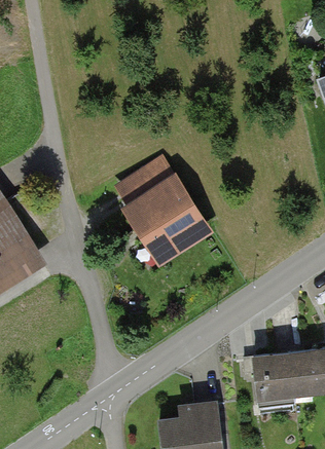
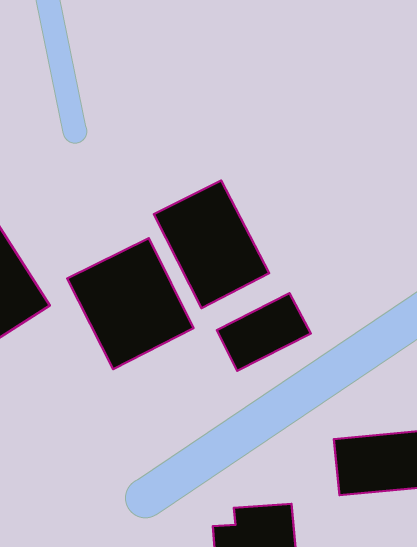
building: none -> [67,238,194,369]
building: none -> [217,293,311,371]

